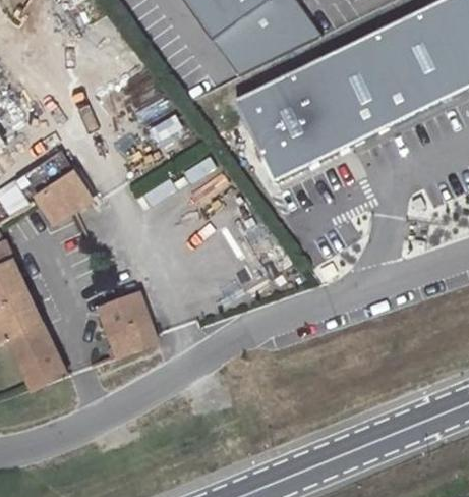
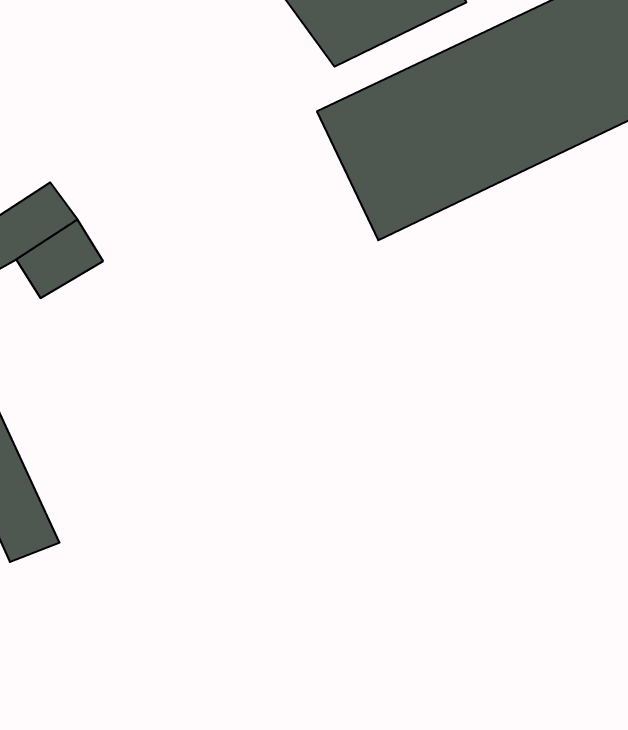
building: [103,290,159,354] -> none

